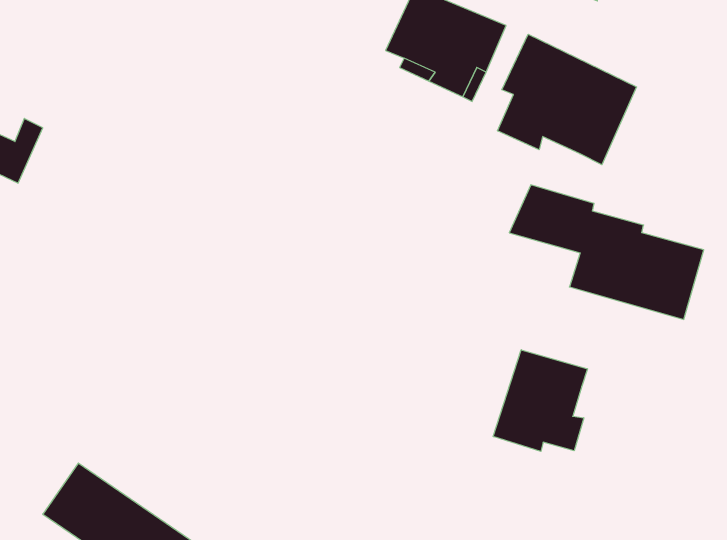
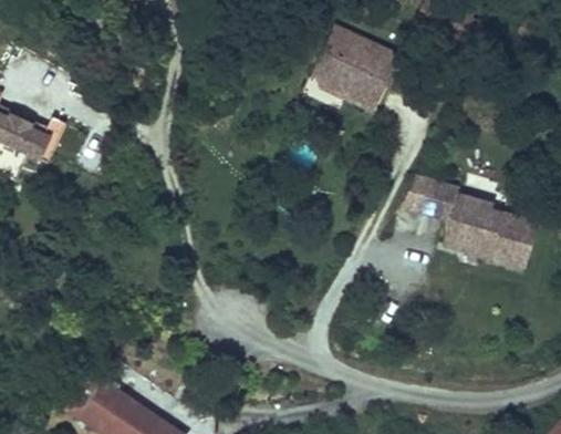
building: [498,34,637,165] -> none
building: [493,350,587,451] -> none

